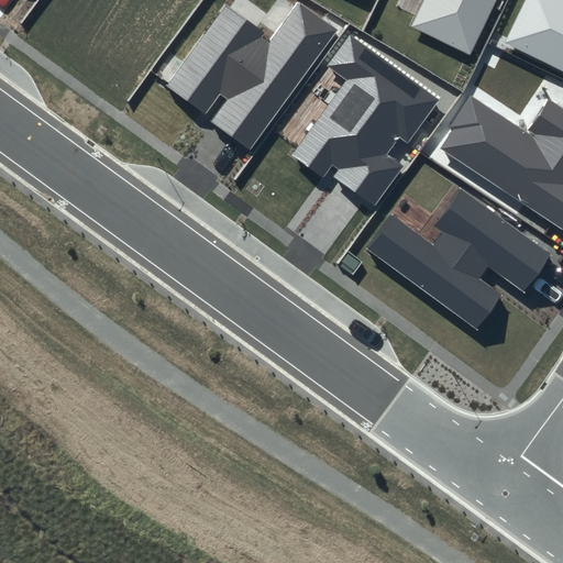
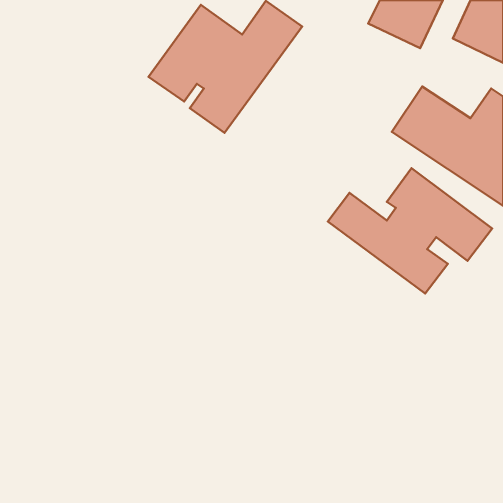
building: [291,35,439,208] -> none

